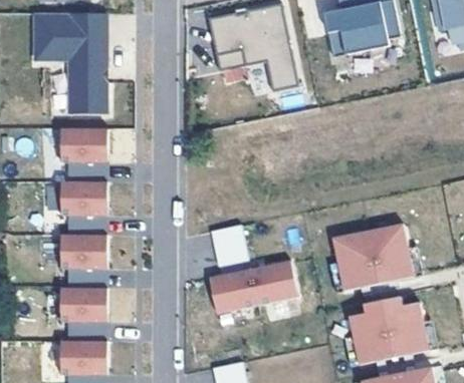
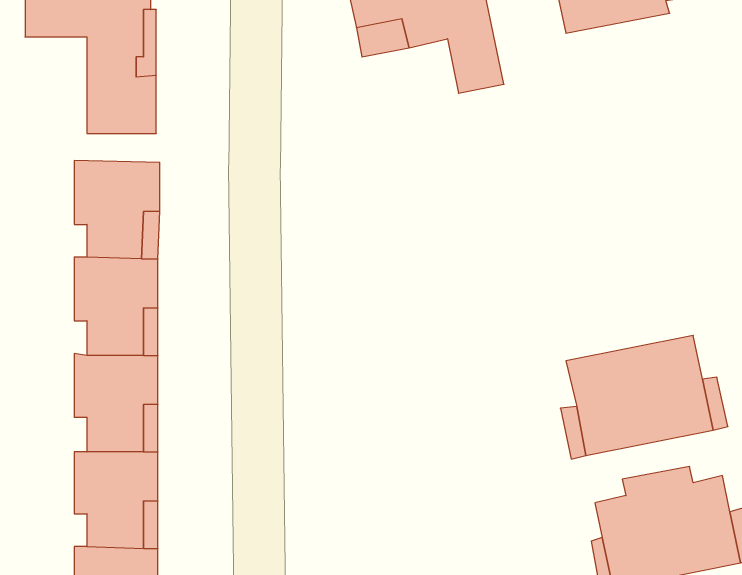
building: [211,225,246,255] -> none
building: [209,260,298,313] -> none

